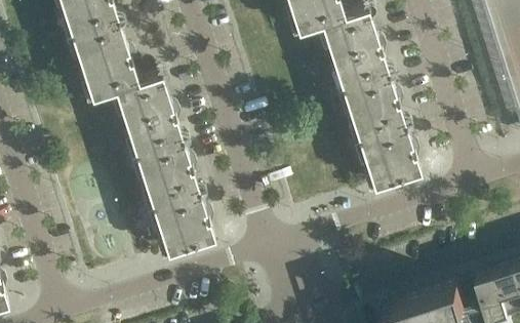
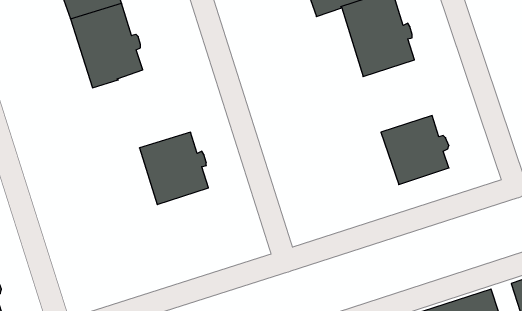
building: [341,75,404,142] -> none
building: [114,77,182,156] -> none
building: [151,193,214,255] -> none

